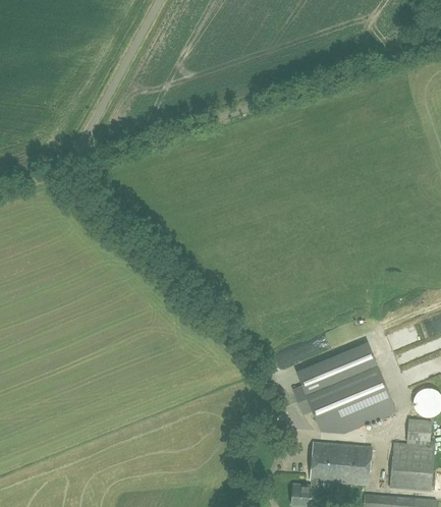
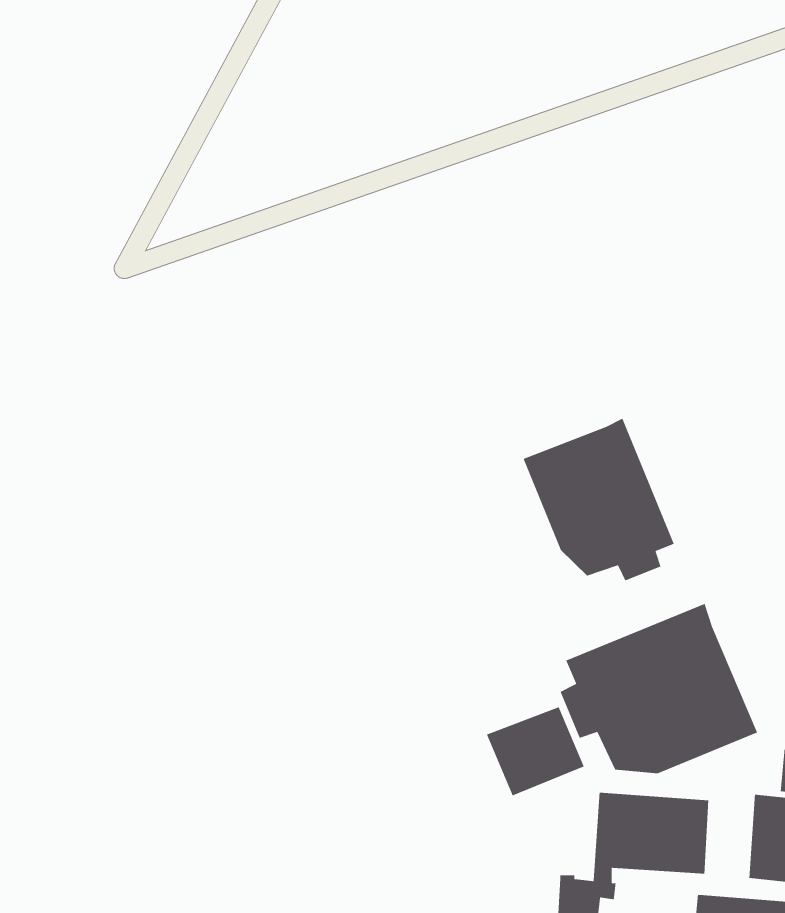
building: none -> [523,418,675,581]
building: none -> [486,706,585,796]

